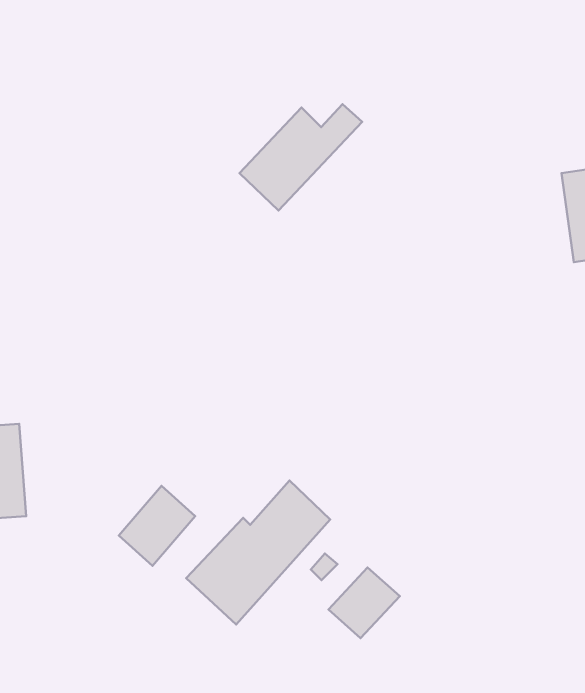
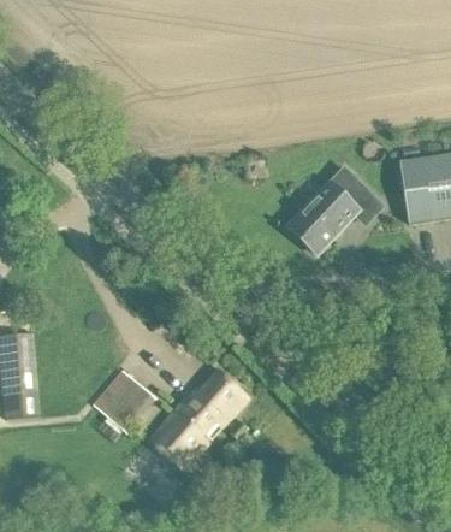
building: [239,104,362,211] -> [289,181,372,253]
building: [328,567,400,638] -> none

